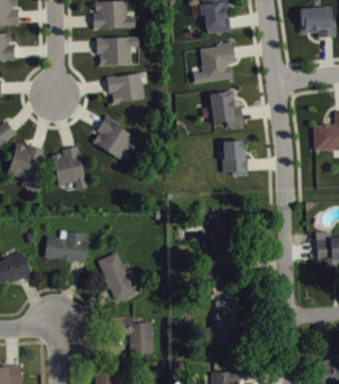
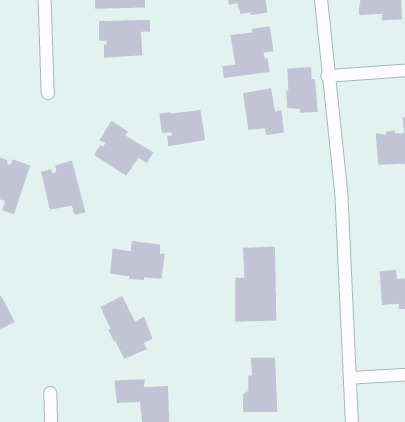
building: [107,73,144,103] -> [159,109,206,147]
building: [221,140,247,176] -> [285,67,319,113]
building: [44,230,89,261] -> [109,240,166,280]

